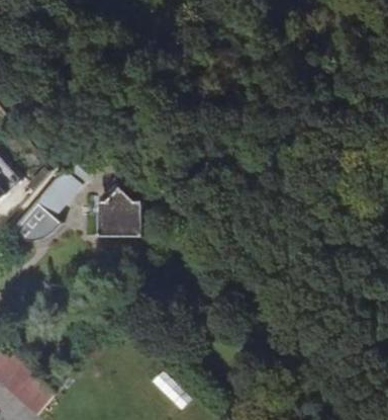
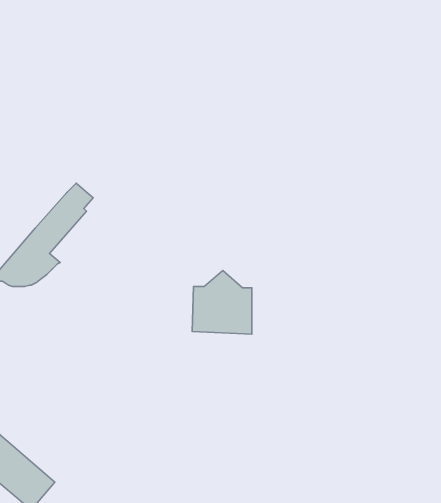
building: [96,190,141,239] -> [192,271,252,334]

